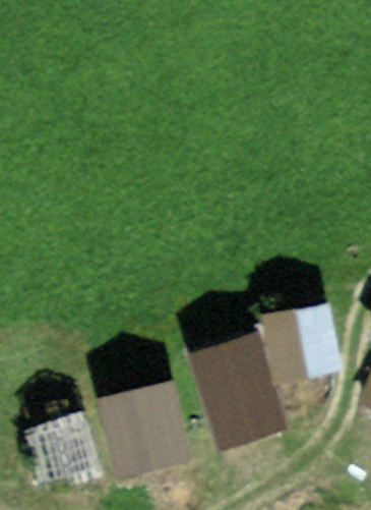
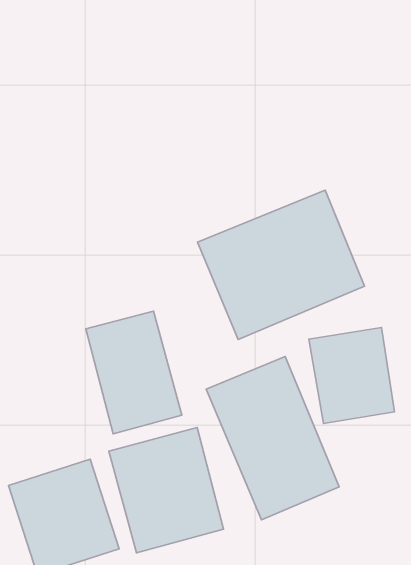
building: none -> [197,190,365,339]
building: none -> [86,311,182,434]

